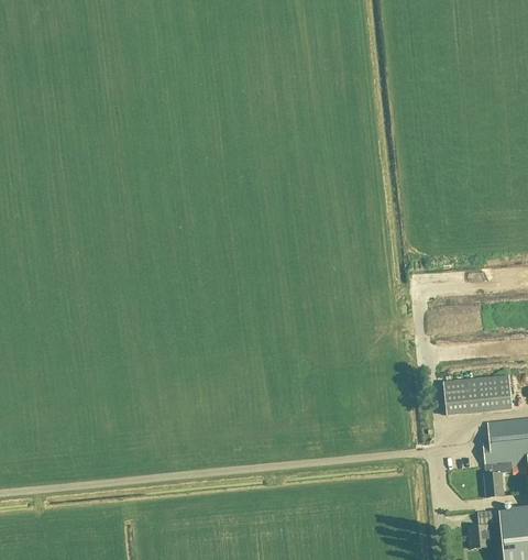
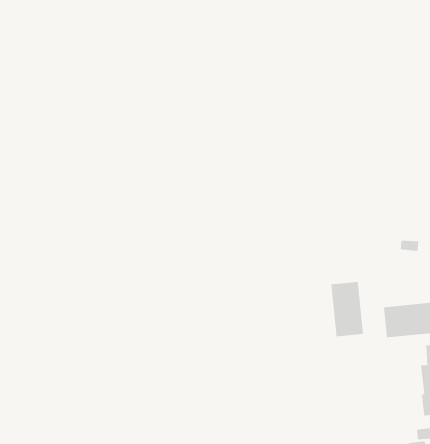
building: none -> [331,281,363,337]

